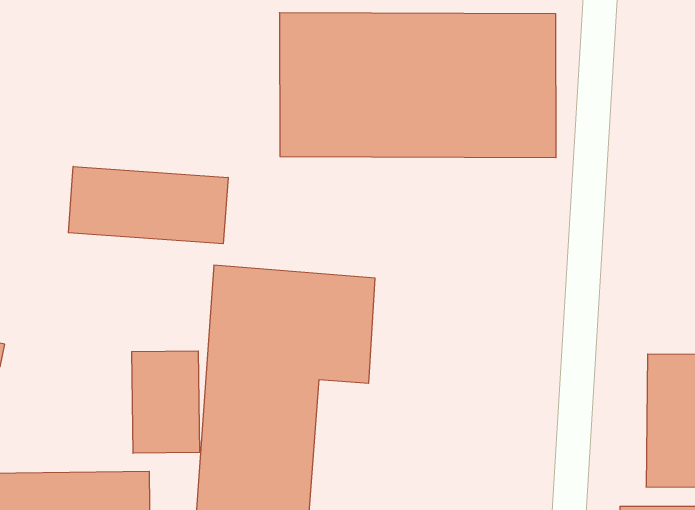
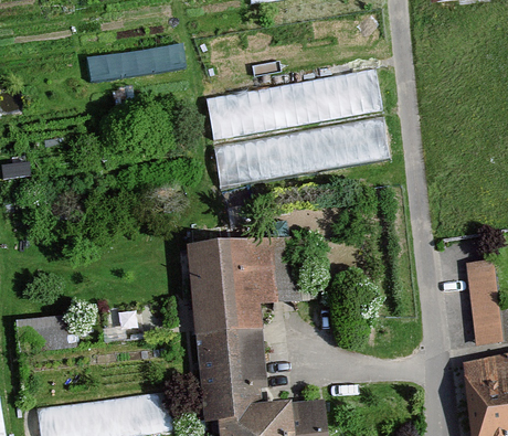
building: [68,166,228,244] -> none
building: [132,351,200,453] -> none

